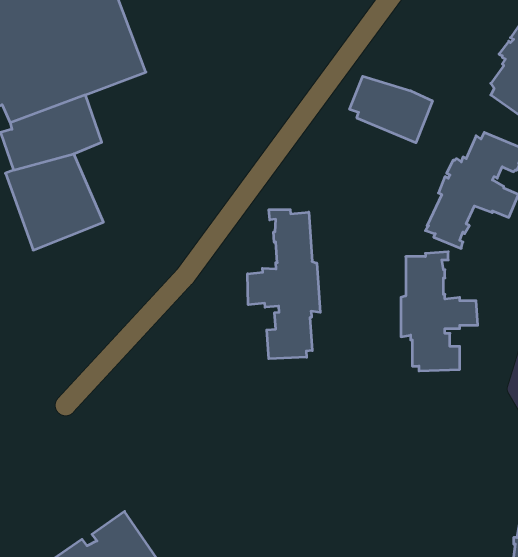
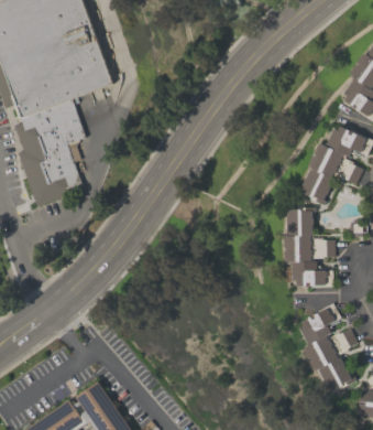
building: [350,76,432,143] -> none
building: [248,210,320,359] -> none
building: none -> [299,303,358,394]

